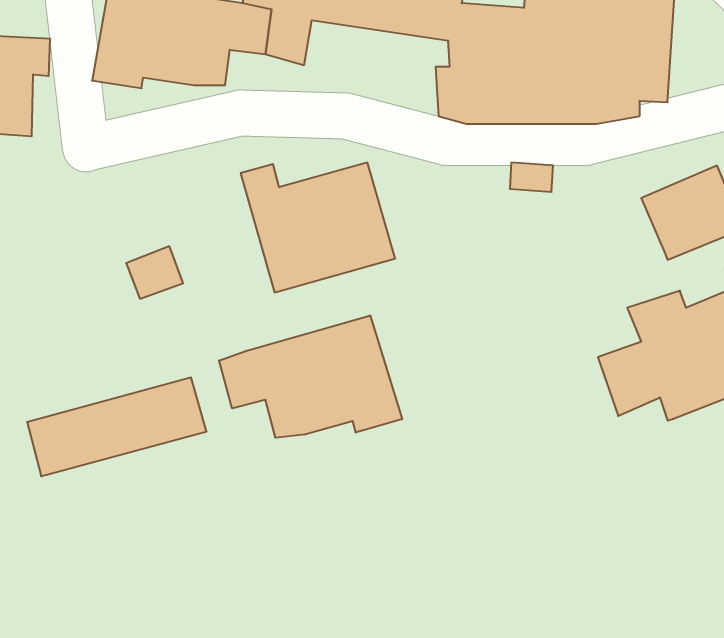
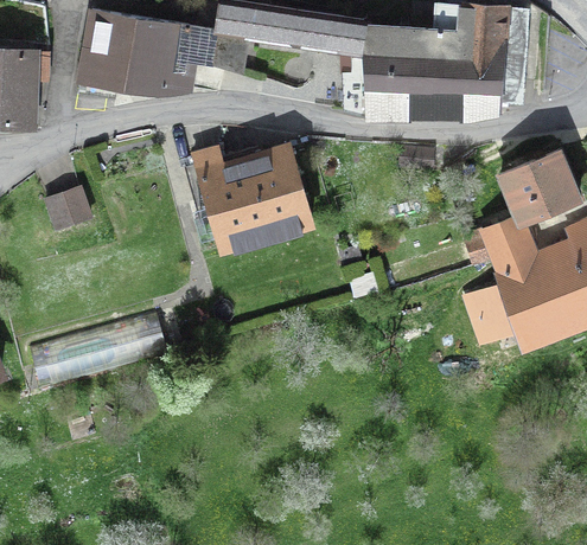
building: [126,246,183,299] -> [46,187,90,227]
building: none -> [464,216,530,264]
building: [219,315,402,438] -> none

